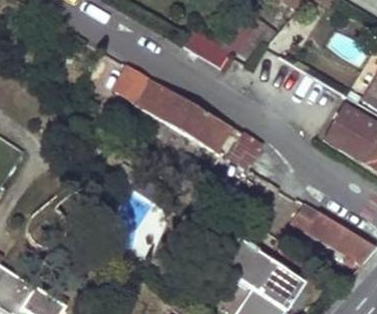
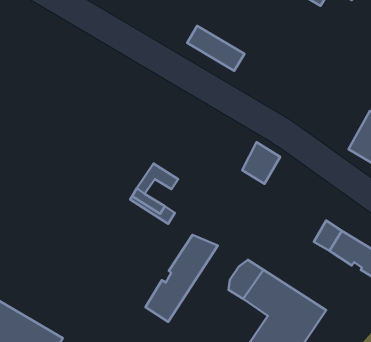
building: [114,65,232,151] -> none
building: none -> [145,235,218,322]

